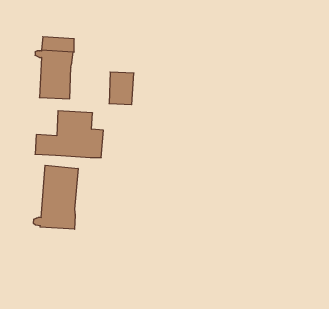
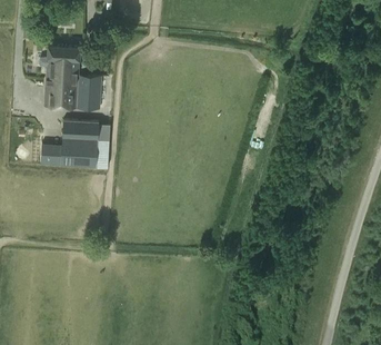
building: [109,72,134,105] -> [77,75,102,108]
building: [33,165,78,229] -> none

